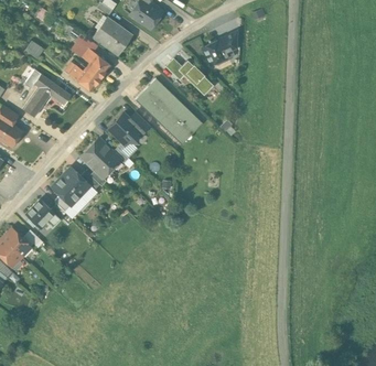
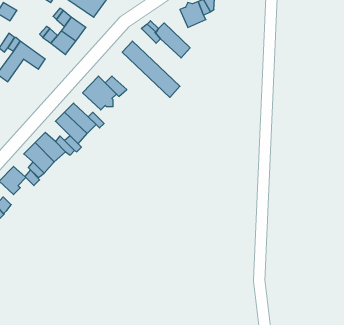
building: [135,88,192,143] -> none

